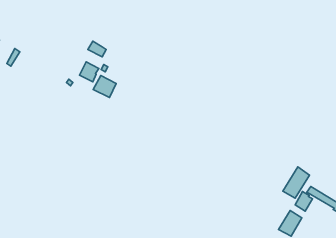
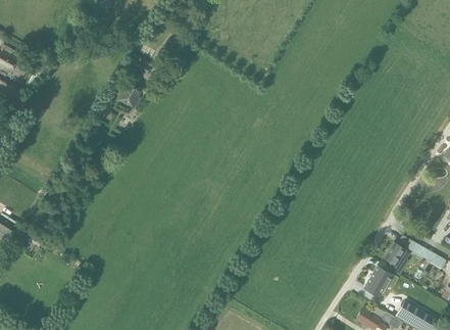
building: [93,76,116,98] -> none
building: [283,167,310,198] -> none

